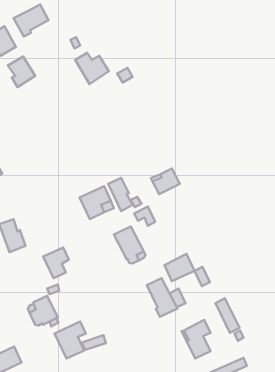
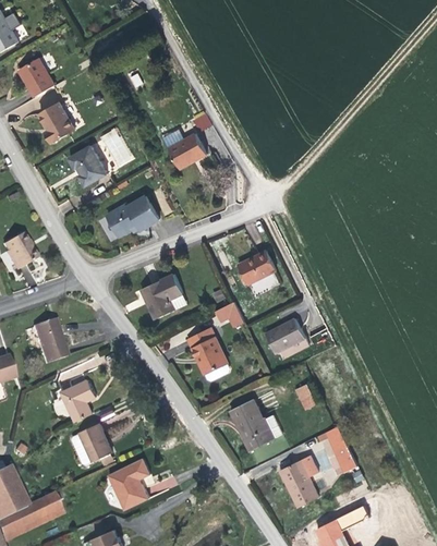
building: [13,5,49,36] -> none
building: [75,53,109,84] -> [163,131,209,173]
building: none -> [70,146,109,187]
building: none -> [109,198,160,236]
building: [108,178,132,211] -> none
building: [43,248,69,278] -> [60,380,95,422]
building: [165,254,194,281] -> [265,318,305,355]

